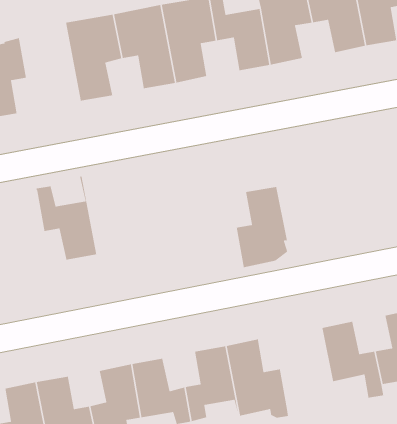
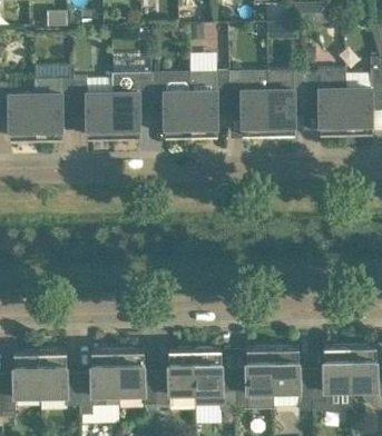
building: [35,176,97,260] -> [74,72,114,137]
building: [236,186,288,268] -> [235,348,274,408]

